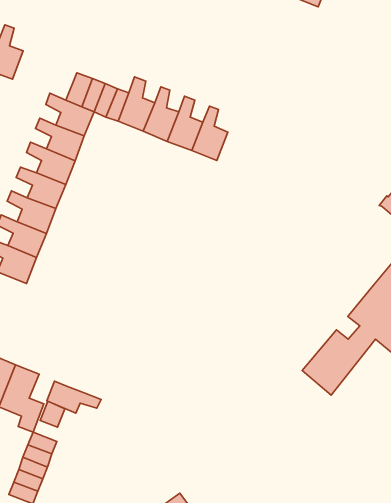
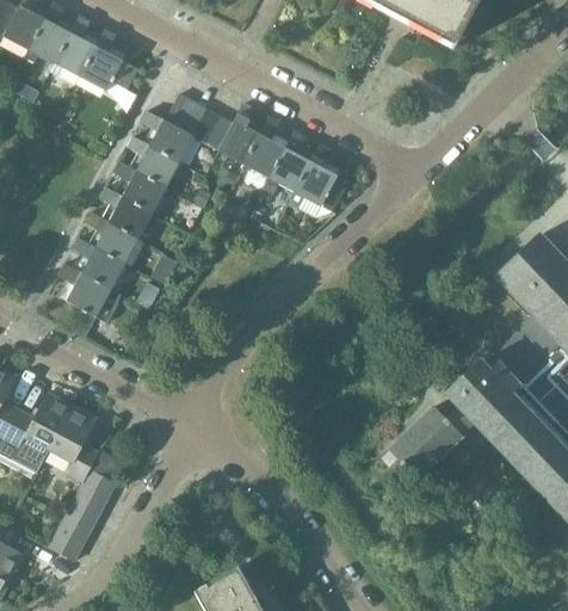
building: [47,381,101,413] -> none

